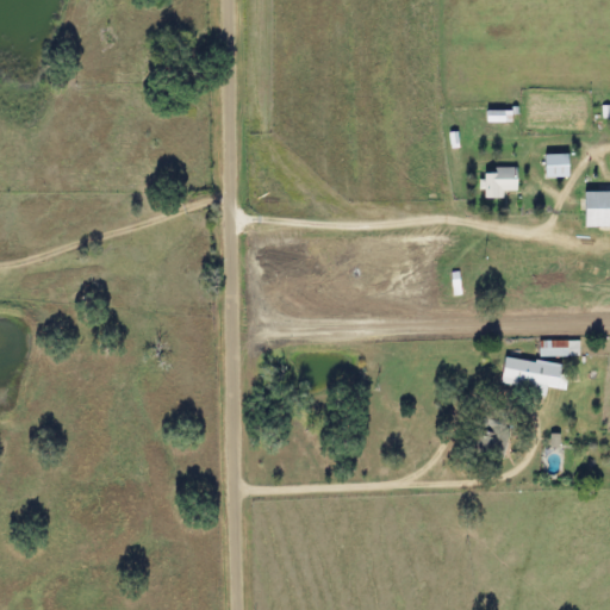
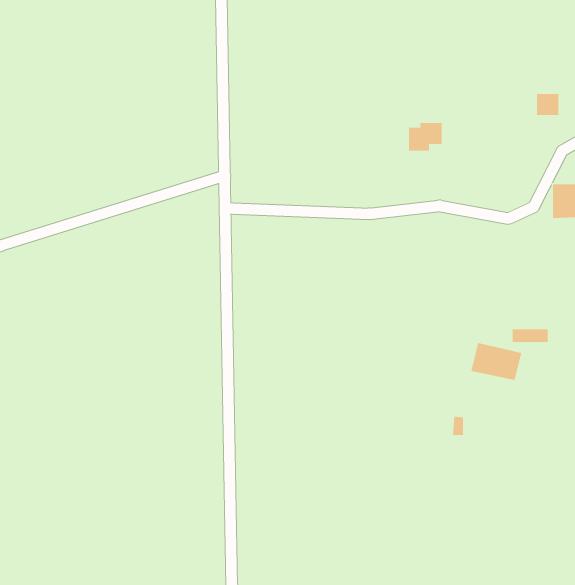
building: [546,154,569,176] -> [536,94,559,115]
building: [485,167,521,197] -> [408,123,442,151]

